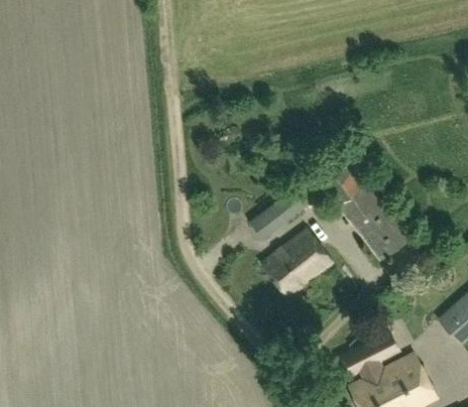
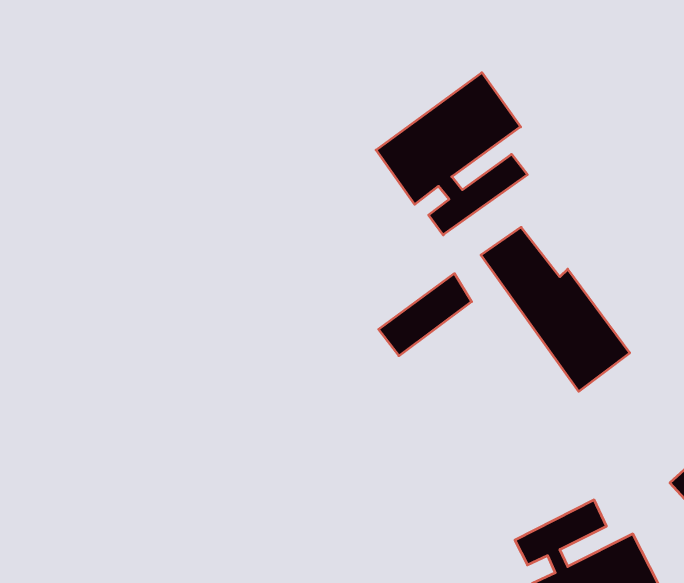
building: none -> [376,73,527,235]
building: [261,228,332,295] -> none

